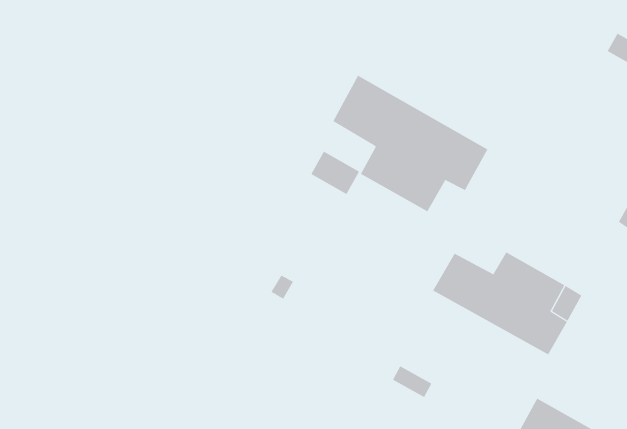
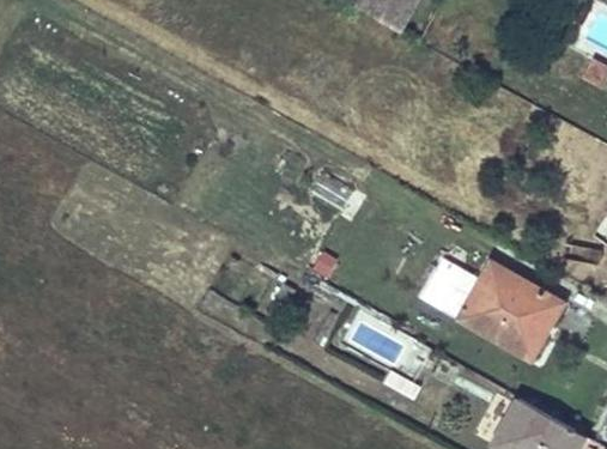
building: [332,75,488,212] -> none

